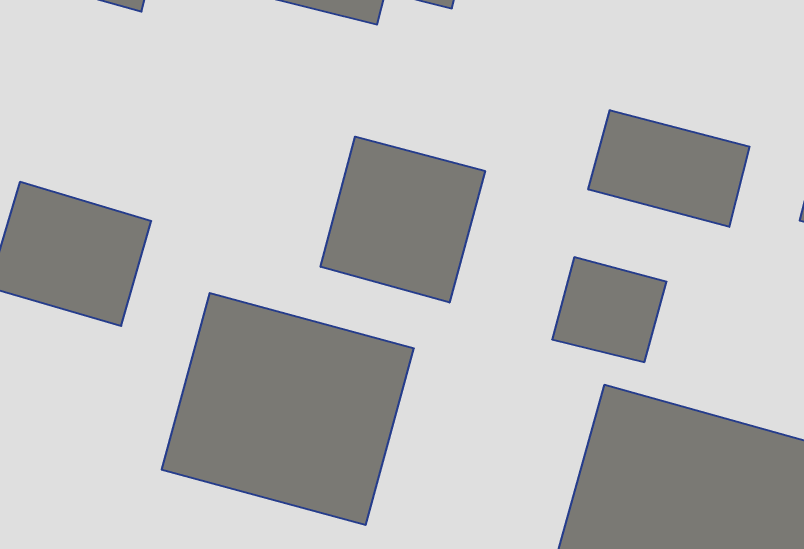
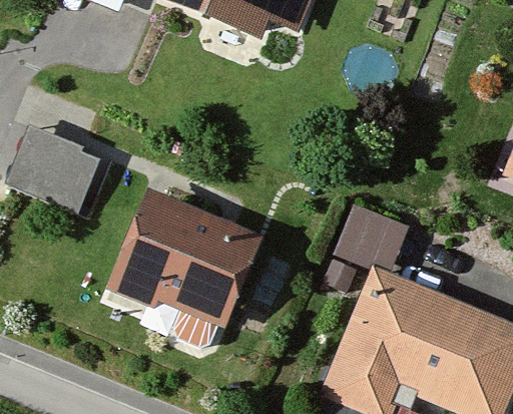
building: [588,110,750,227] -> none
building: [321,137,485,303] -> none

